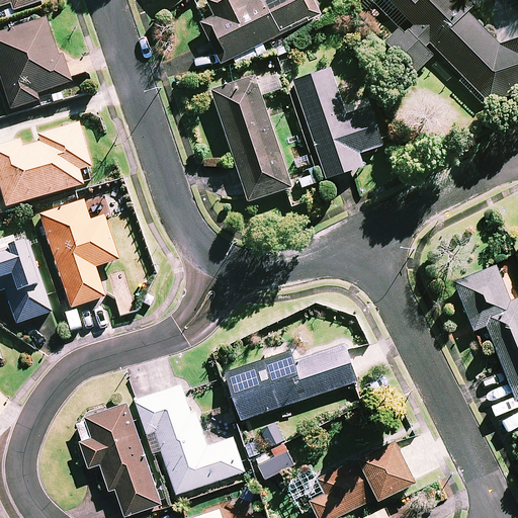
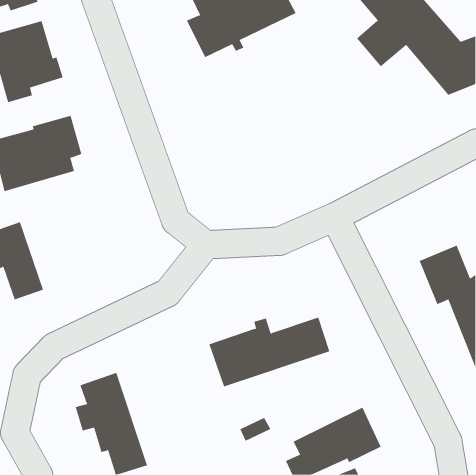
building: [288,66,377,175] -> none
building: [212,70,291,200] -> none
building: [38,202,117,310] -> none
building: [136,383,243,493] -> none

